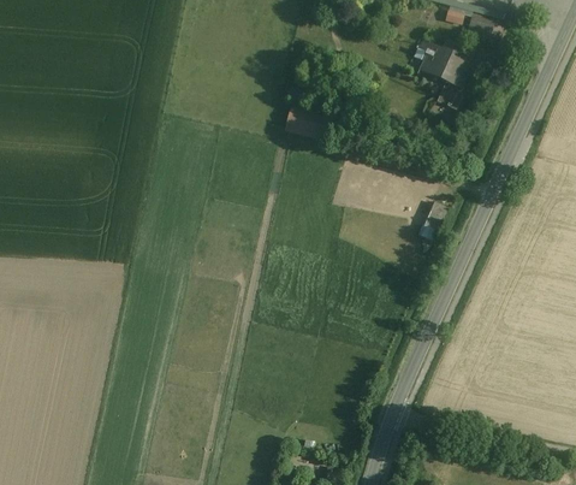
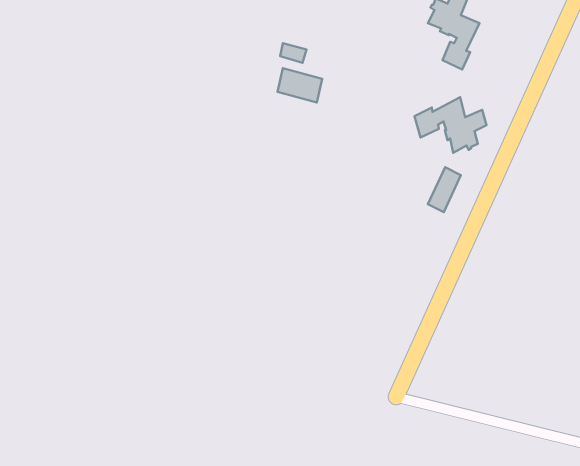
building: none -> [415,97,486,153]

